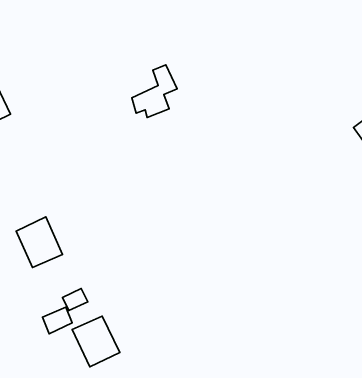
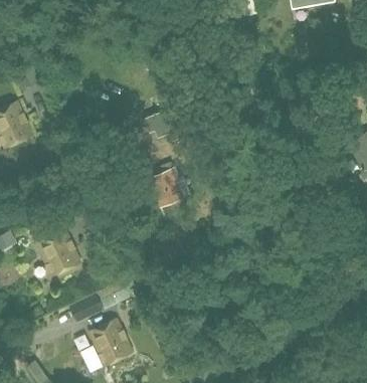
building: none -> [152,167,181,202]

